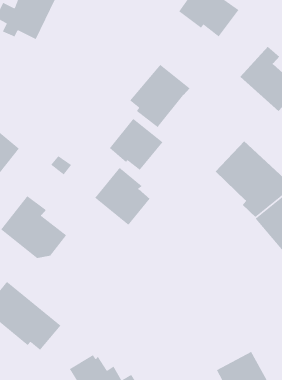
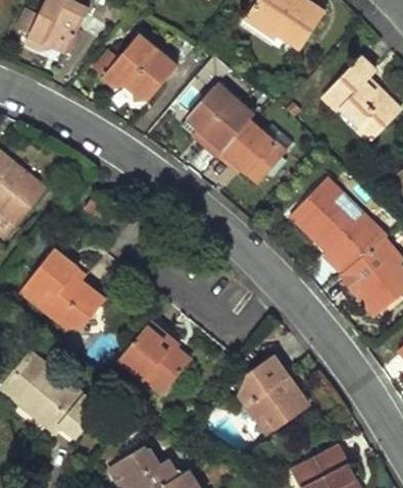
building: none -> [93,32,180,99]
building: [109,118,163,171] -> [221,122,290,188]
building: [94,167,151,226] -> [118,319,189,392]
building: none -> [244,354,312,433]

